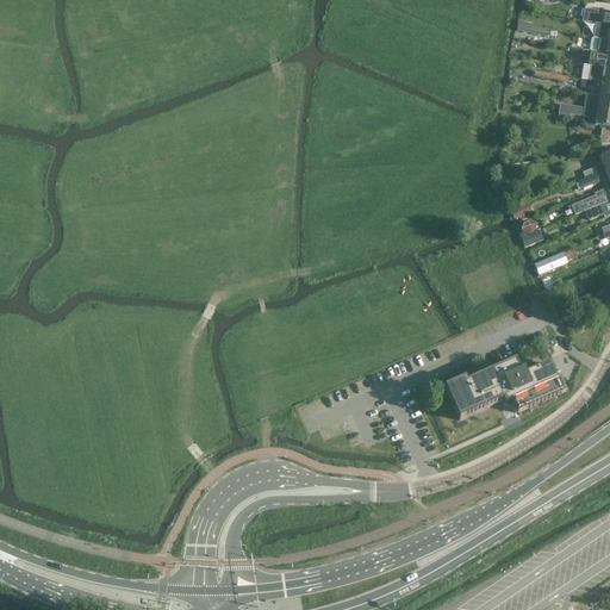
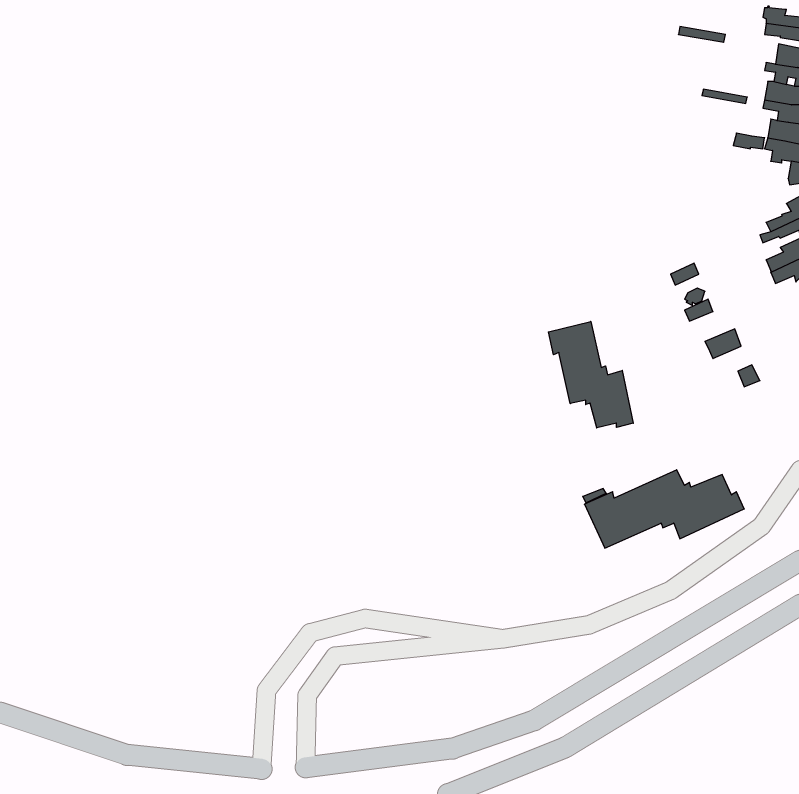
building: none -> [548,321,633,428]

